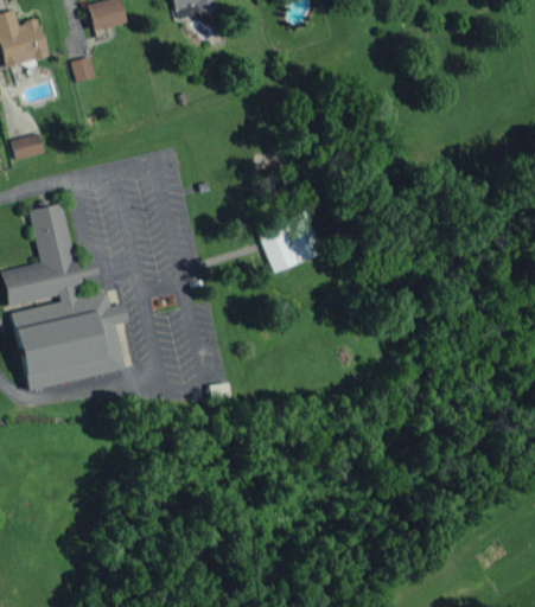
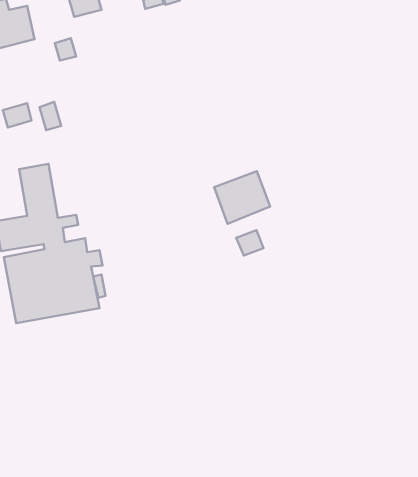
building: none -> [39,102,61,130]
building: none -> [236,230,264,255]

